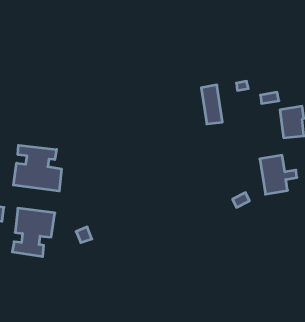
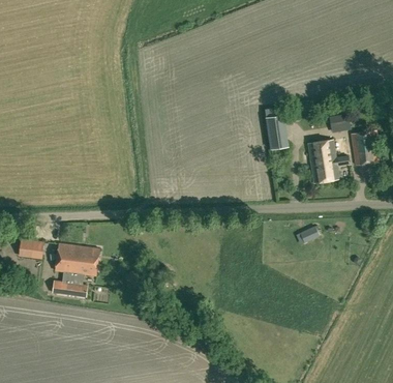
building: [13,145,61,191] -> none
building: [260,155,297,194] -> [308,139,350,182]

